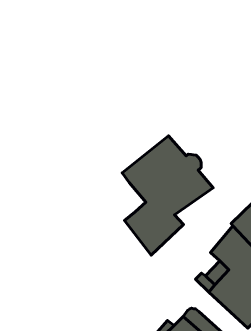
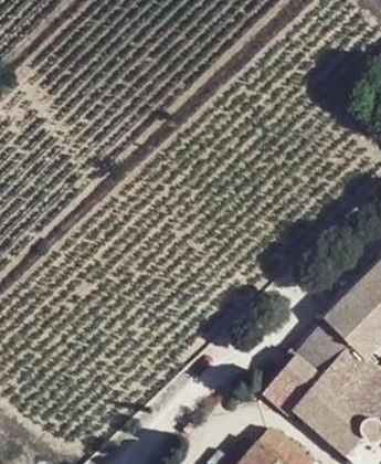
building: [122,136,213,255] -> none

